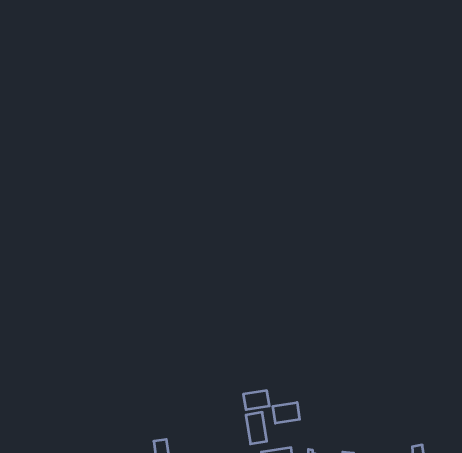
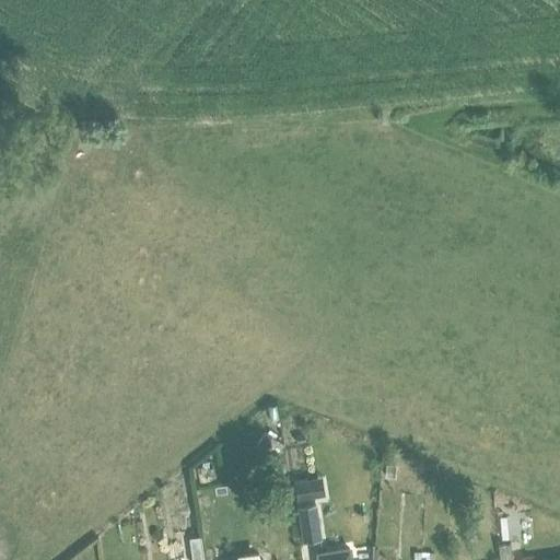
building: [273,402,300,423] -> none

